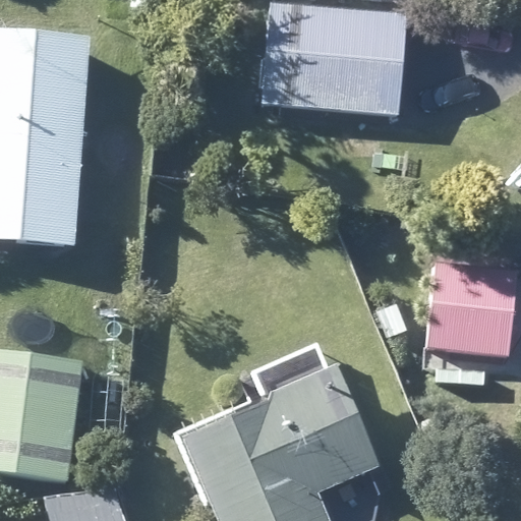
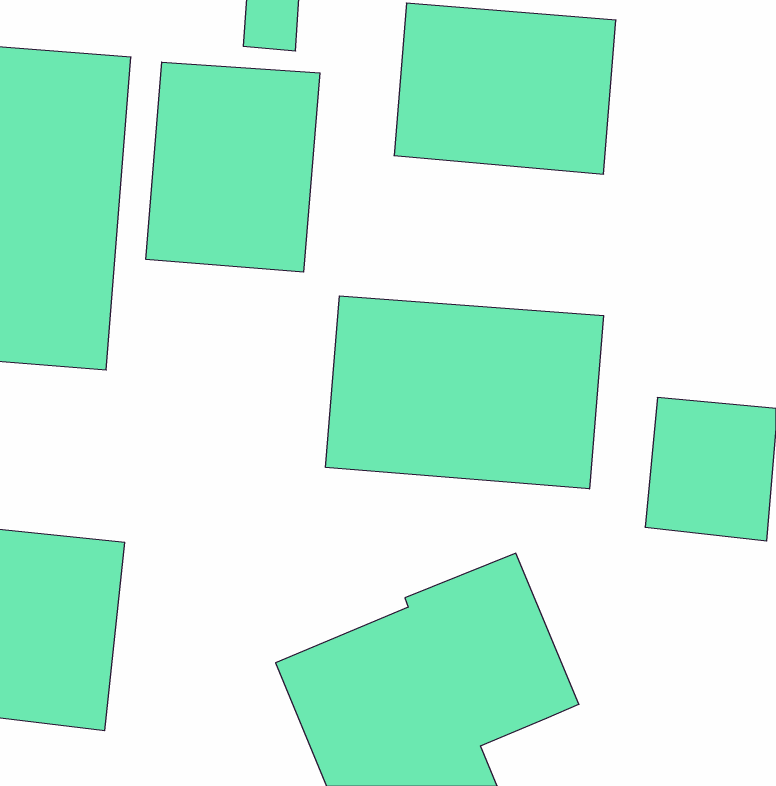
building: none -> [146,62,320,272]
building: none -> [326,296,604,489]

